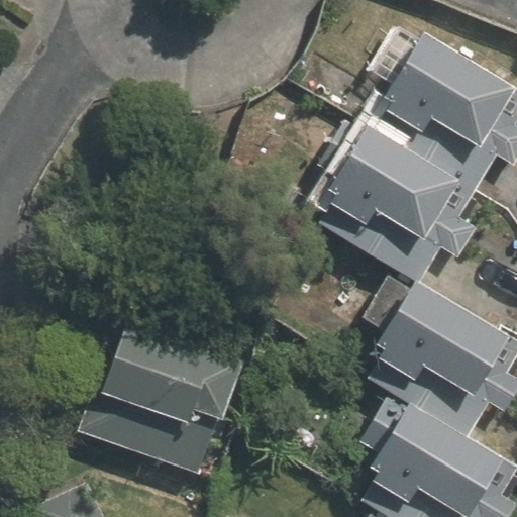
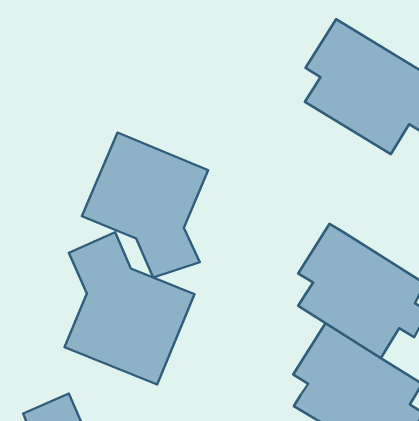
building: [321,118,482,286] -> none
building: none -> [82,133,208,278]

